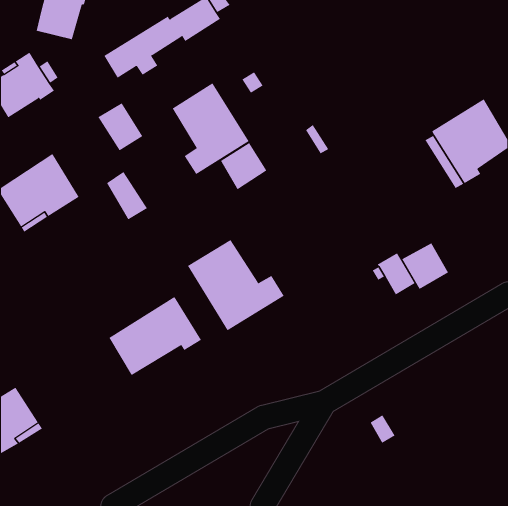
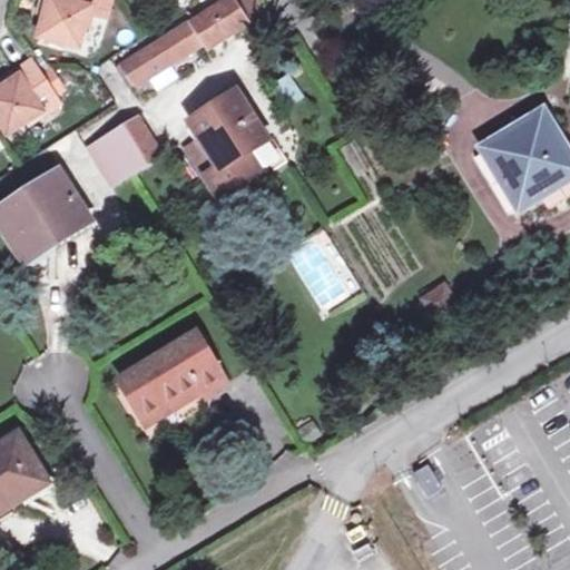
building: [220,142,267,190] -> none
building: [106,171,148,220] -> [89,131,136,186]
building: [187,239,285,331] -> none
building: [401,243,449,290] -> none

